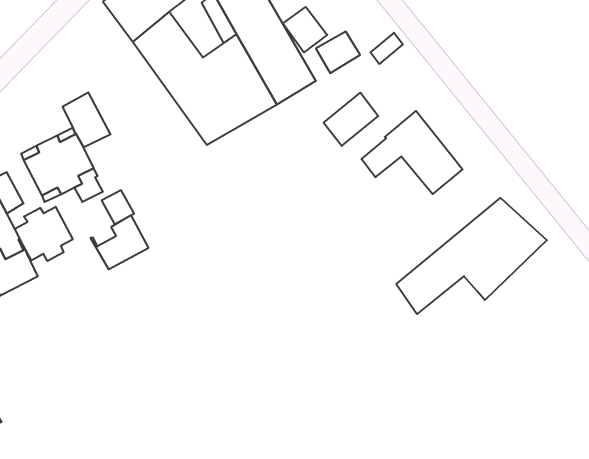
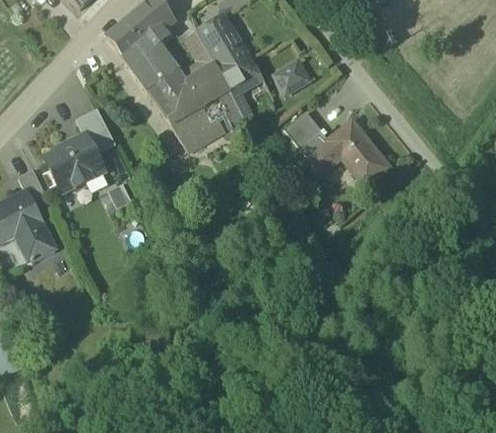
building: [283,7,327,52] -> none
building: [396,198,547,314] -> none
building: [14,207,73,261] -> none
building: [91,215,148,269] -> none

